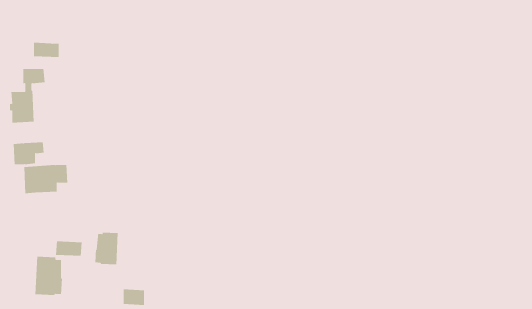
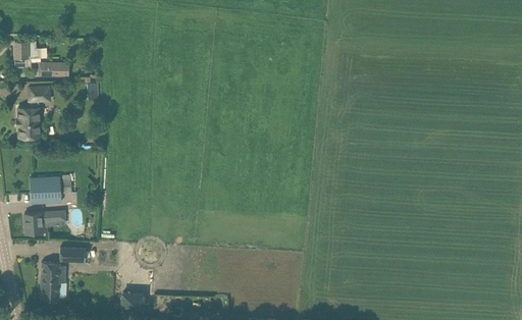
building: none -> [14,40,42,66]
building: [13,142,44,165] -> [25,211,55,232]
building: [95,232,118,265] -> none

